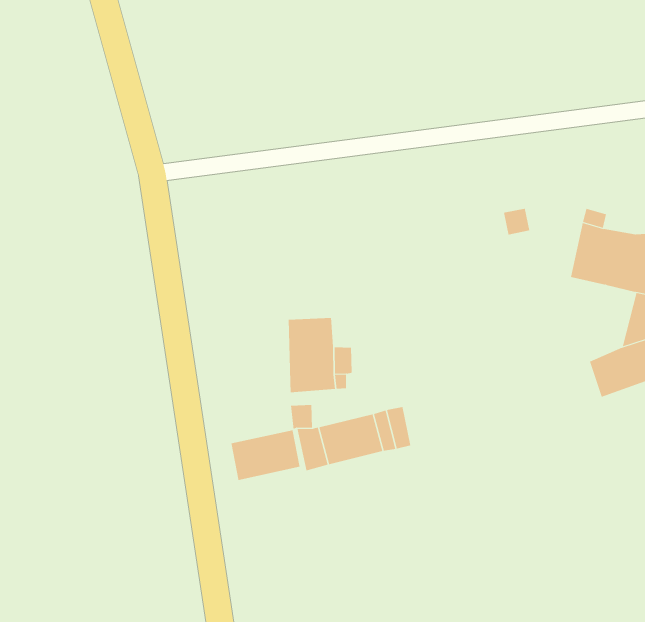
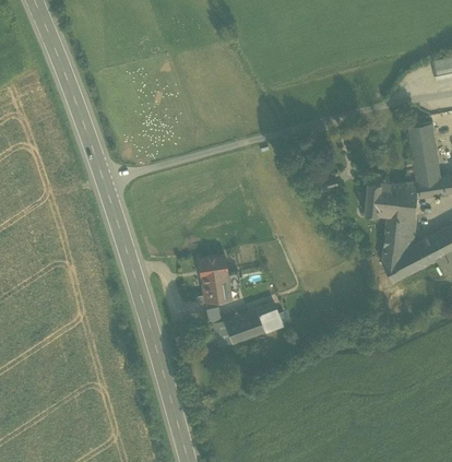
building: none -> [381,215,404,262]
building: [231,429,300,481] -> none

